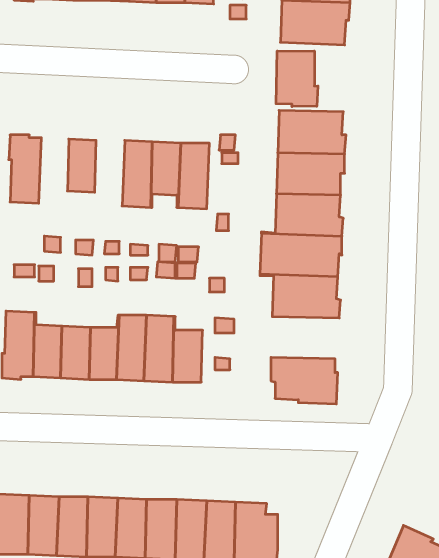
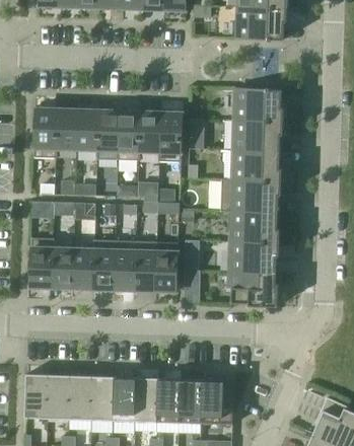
building: [276,51,318,107] -> none
building: none -> [56,108,78,157]
building: none -> [97,110,120,159]
building: none -> [228,241,279,273]

